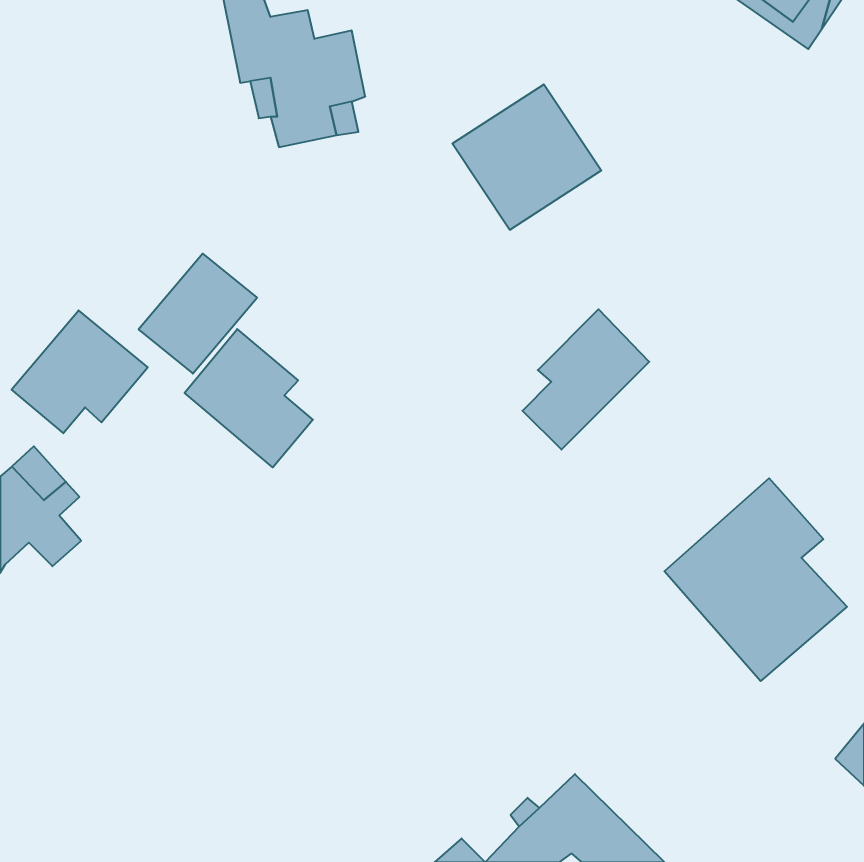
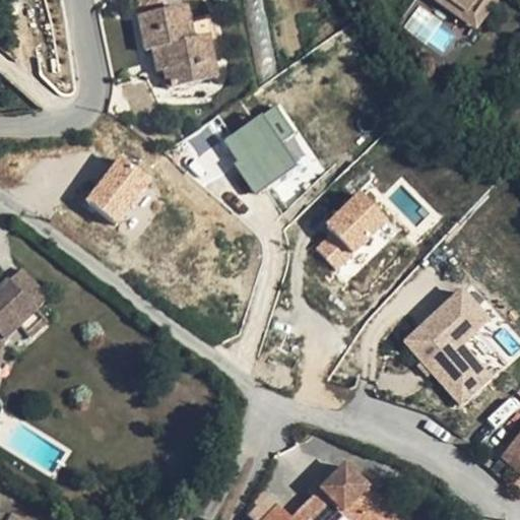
building: [452,84,601,230] -> [219,104,309,191]
building: [12,310,148,433] -> none
building: [185,329,313,467] -> none

